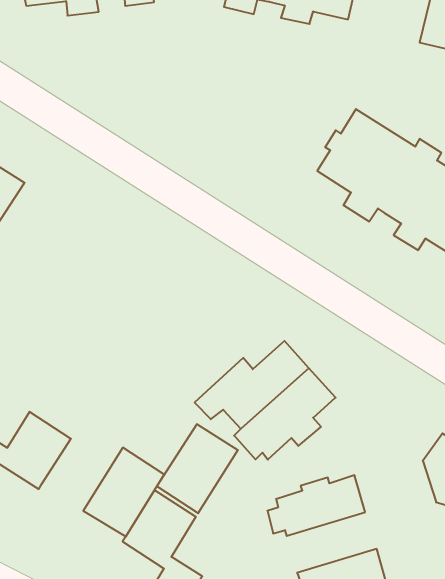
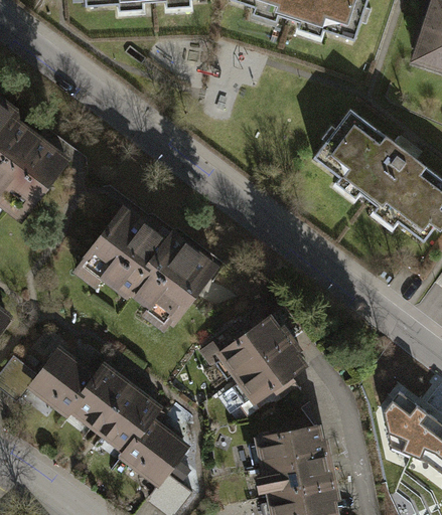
building: none -> [76,202,218,332]
building: [157,424,238,513] -> [64,356,134,430]
building: none -> [255,451,336,496]

